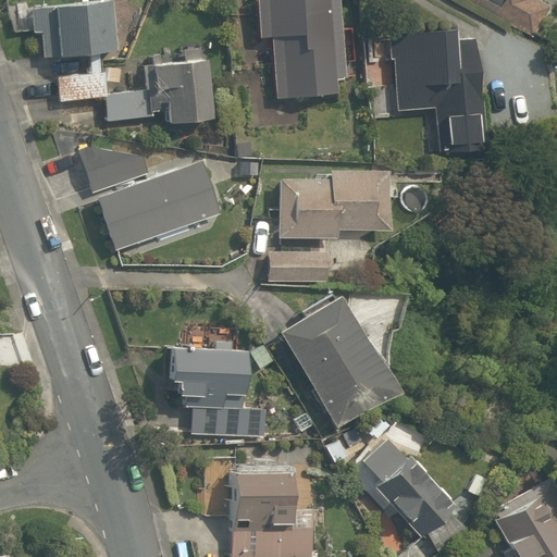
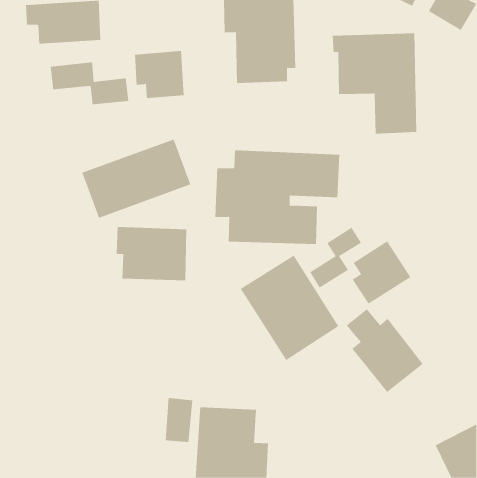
building: [79,146,144,190] -> none
building: none -> [309,227,362,288]
building: none -> [352,241,411,304]
building: [178,350,261,413] -> [116,226,187,281]
building: [367,445,457,543] -> [346,309,424,393]

